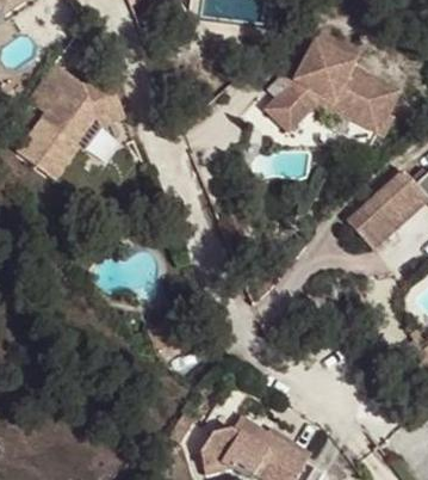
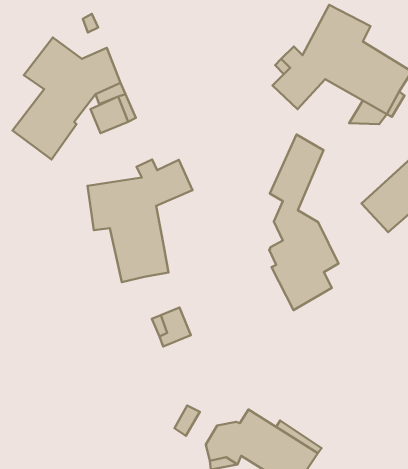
building: none -> [269,134,339,310]
building: none -> [88,159,193,282]

